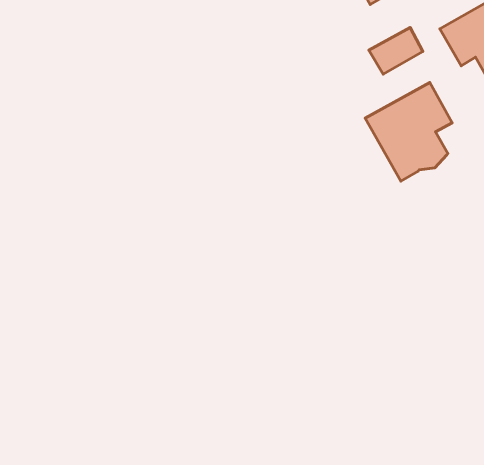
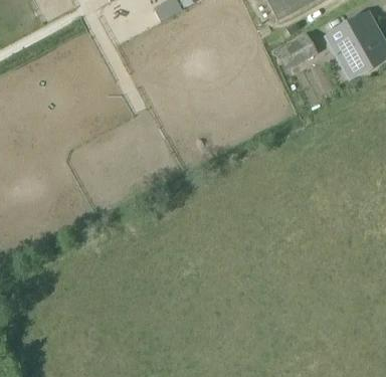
building: [365,83,452,181] -> none

